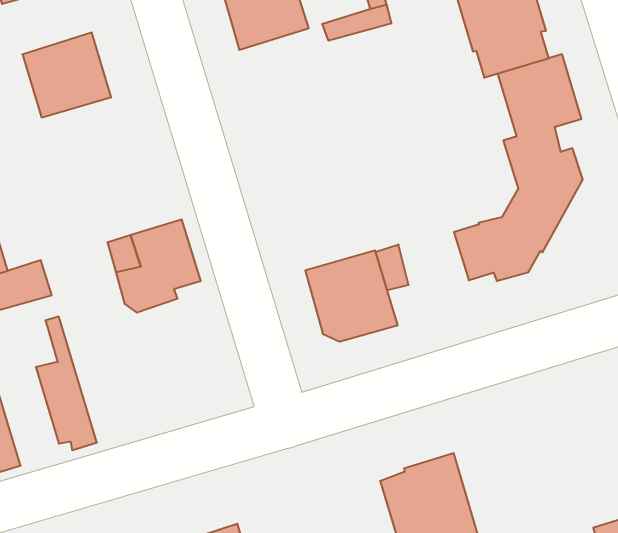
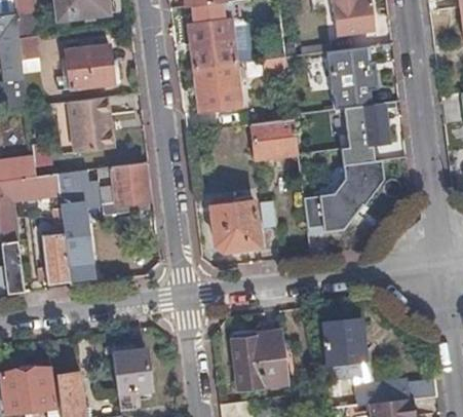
building: none -> [193,63,241,112]
building: none -> [250,119,297,160]
building: none -> [67,97,112,153]
building: none -> [55,170,87,287]
building: none -> [324,317,369,380]

